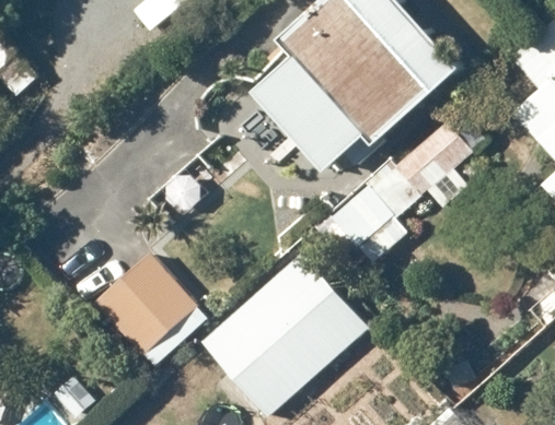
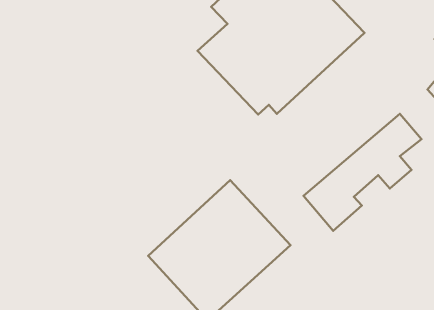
building: [329,118,473,260] -> [303,114,421,231]
building: [95,255,204,362] -> none

